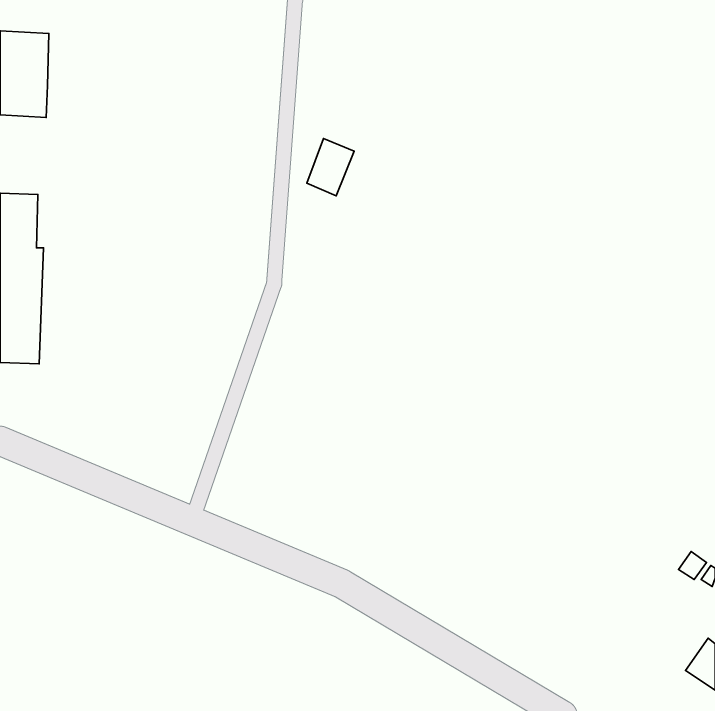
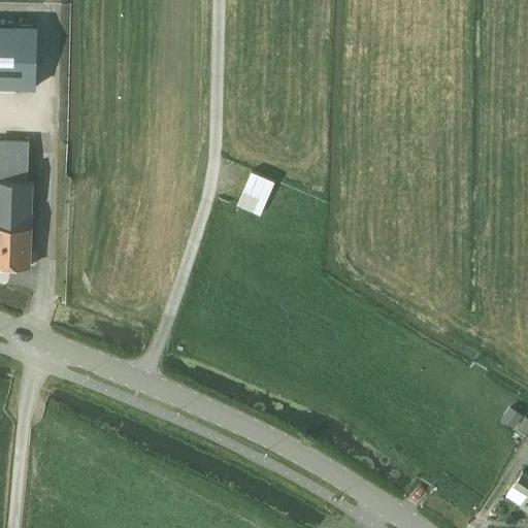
building: [307,138,354,196] -> [237,173,272,216]

